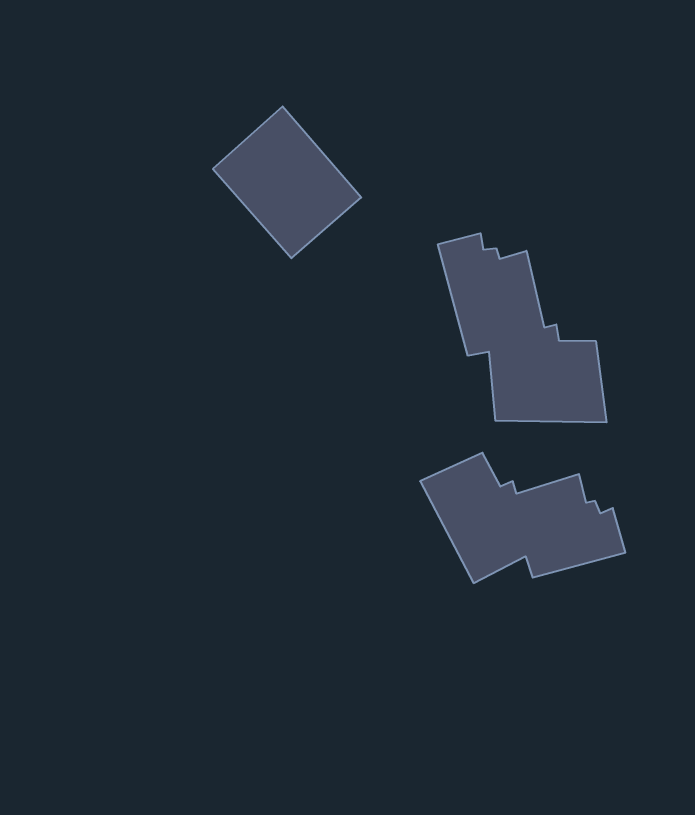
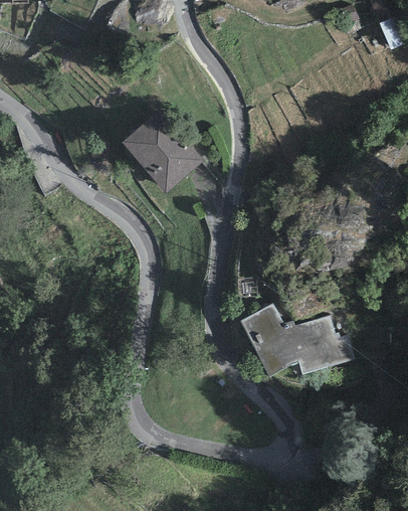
building: [438,233,607,422] -> none

